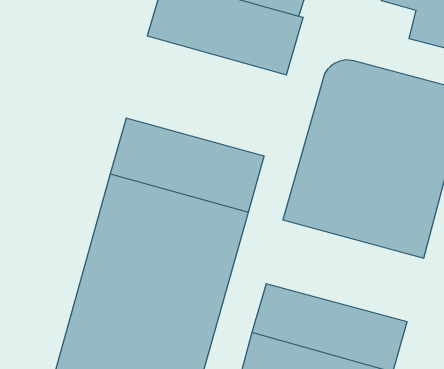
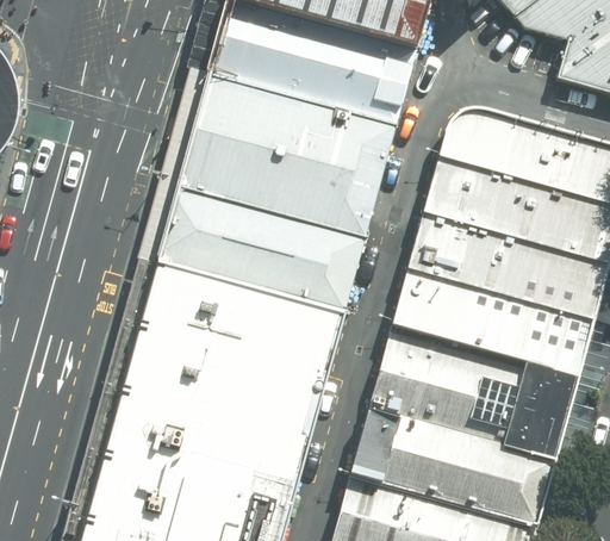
building: none -> [180,79,396,241]
building: none -> [368,327,580,464]

